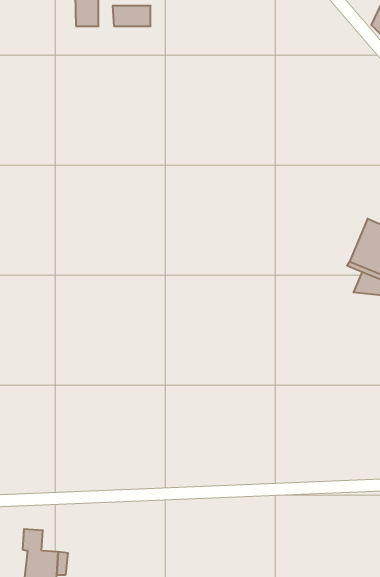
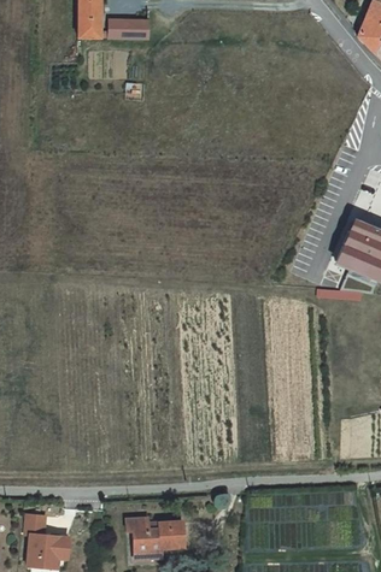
building: none -> [130,515,186,554]

